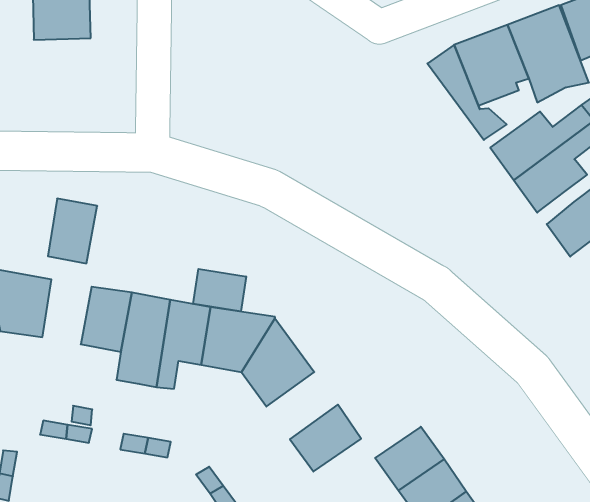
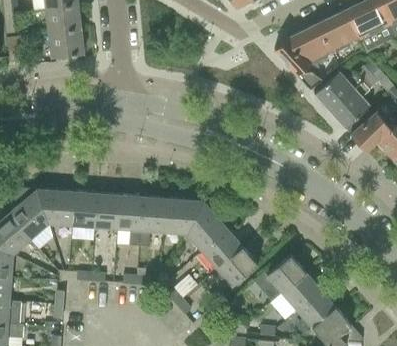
building: [48,199,97,263] -> [72,192,97,227]
building: [193,269,246,311] -> none
building: none -> [202,230,242,269]

